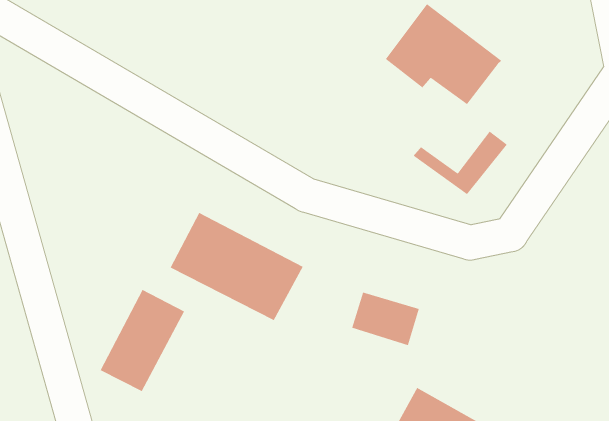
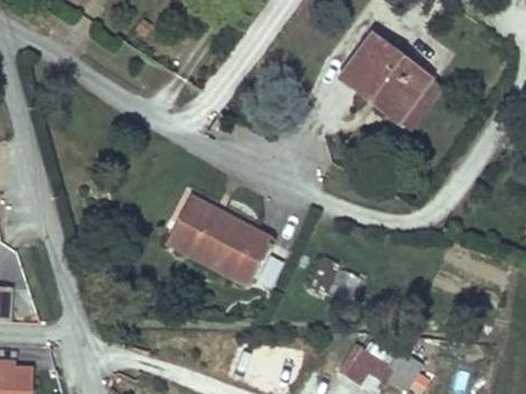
building: [413,131,508,195] -> [366,78,442,129]
building: [100,289,185,392] -> none

